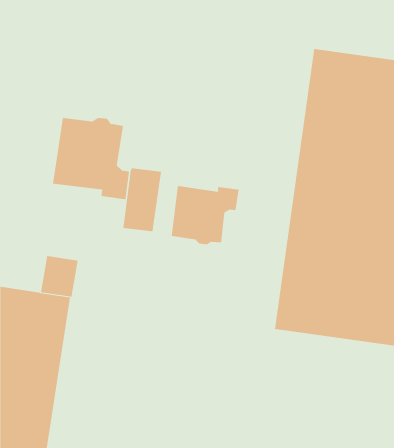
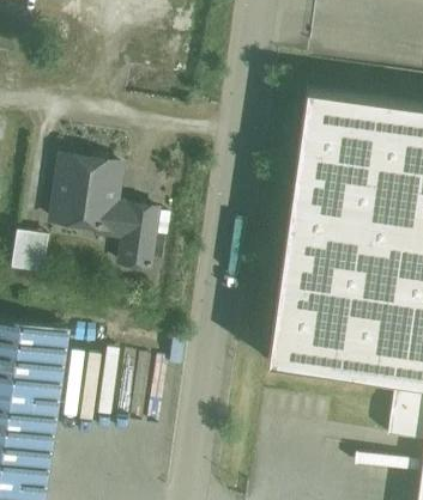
building: [171,185,239,245] -> none
building: [40,255,78,297] -> [11,228,48,269]

